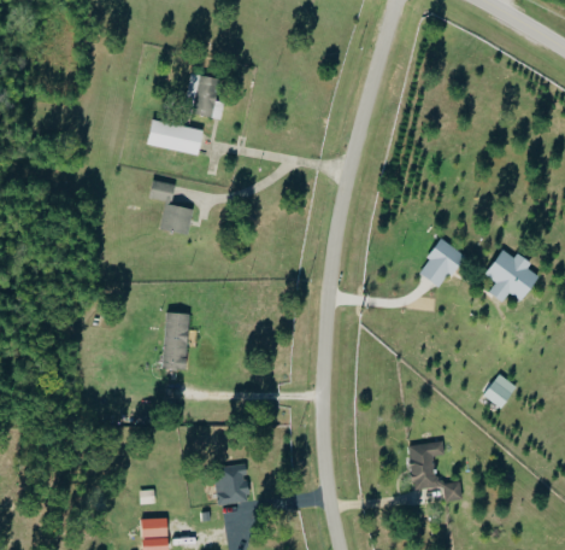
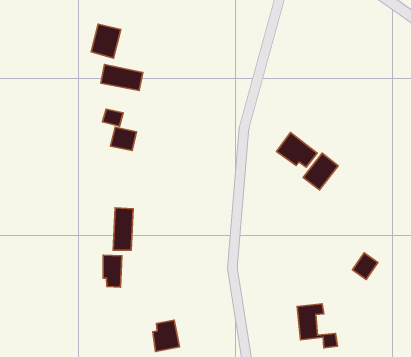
building: [182,72,222,118] -> [91,24,121,58]
building: none -> [276,133,317,167]
building: [484,248,540,303] -> none
building: none -> [103,255,122,287]

